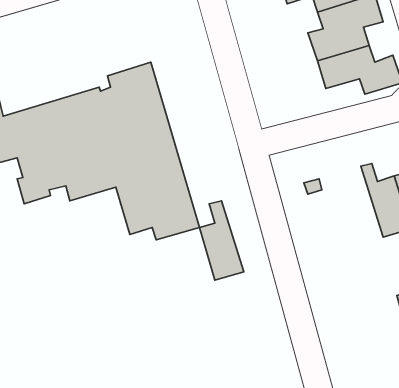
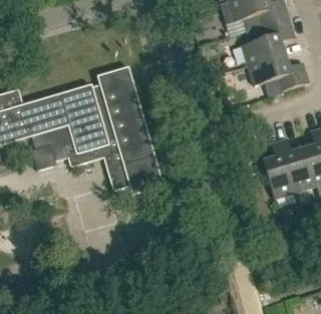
building: [199,201,244,280] -> [263,141,295,199]

